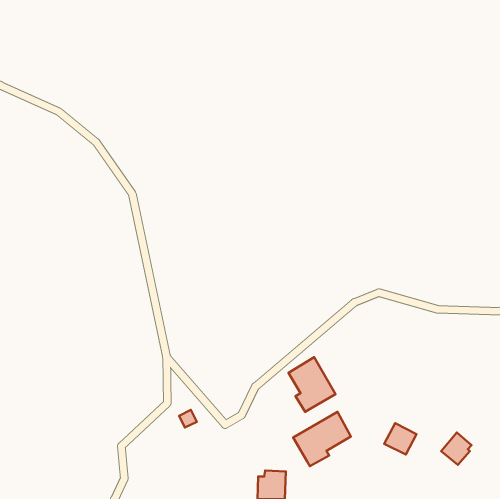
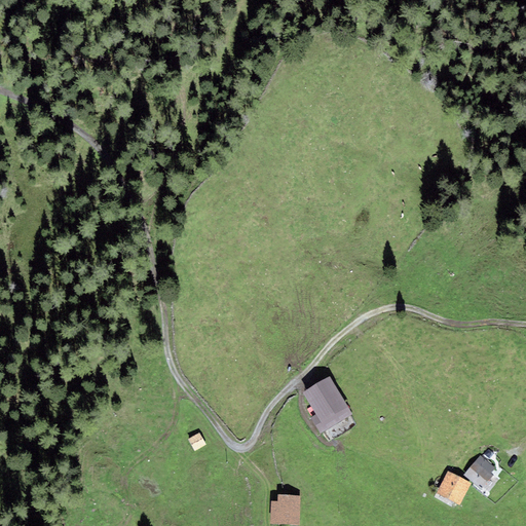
building: [293,412,351,466] -> none
building: [384,423,417,455] -> [437,471,471,503]

